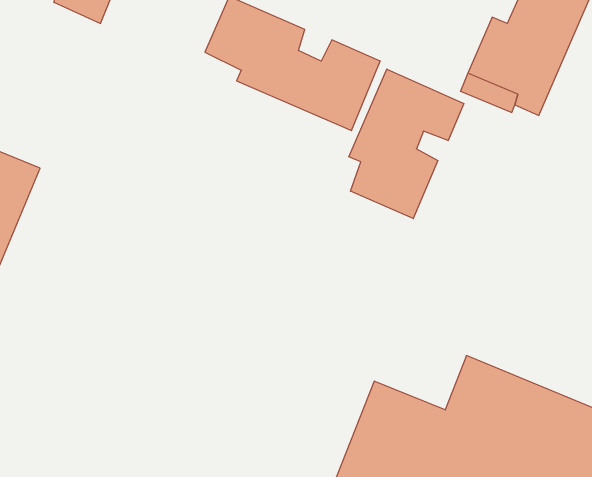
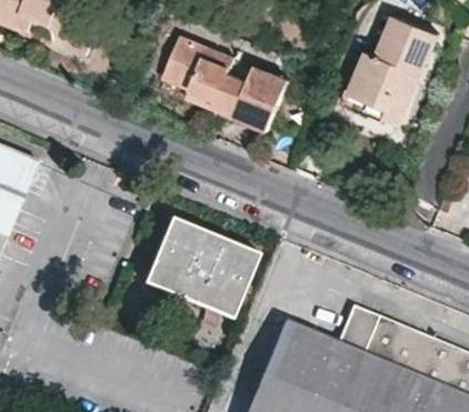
building: [349,69,464,219] -> none
building: none -> [143,217,259,315]

